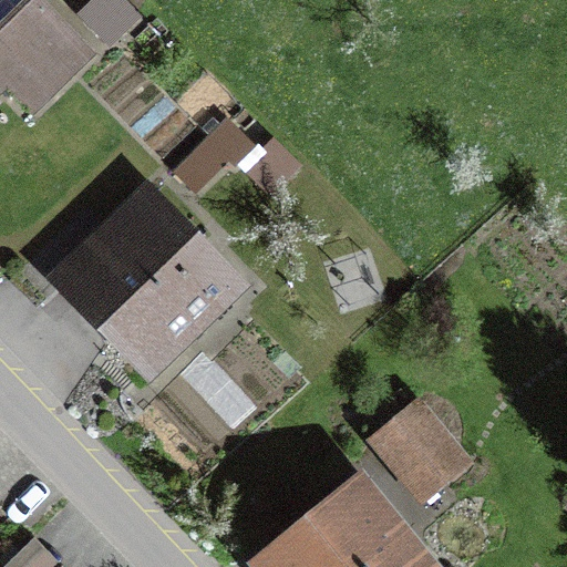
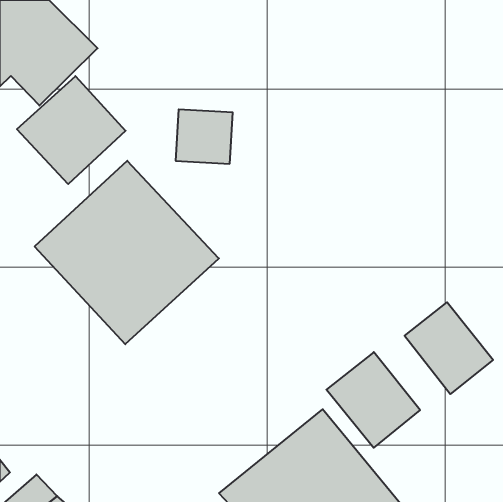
building: none -> [17,76,126,184]
building: none -> [405,302,493,394]

